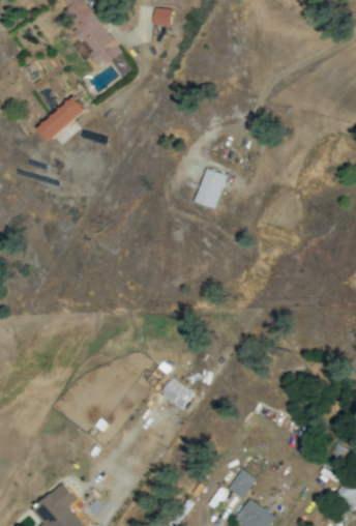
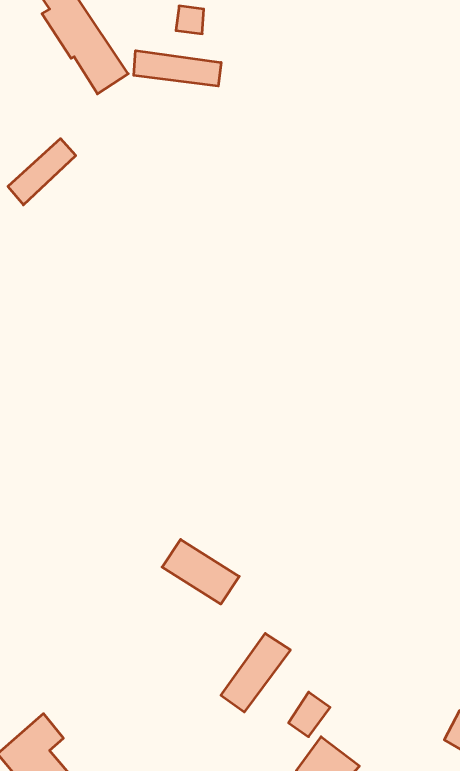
building: none -> [134,51,221,86]
building: [195,168,227,209] -> none
building: none -> [221,633,290,712]

